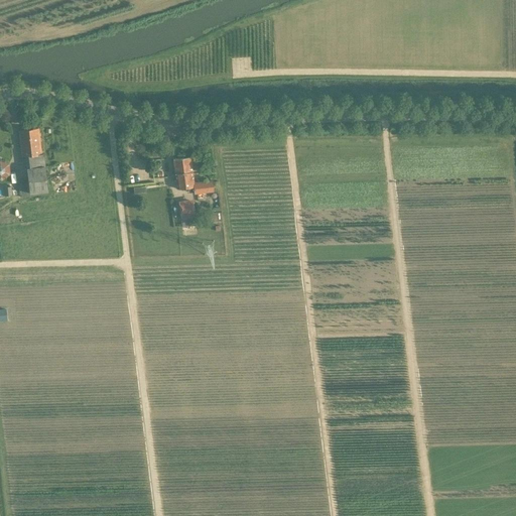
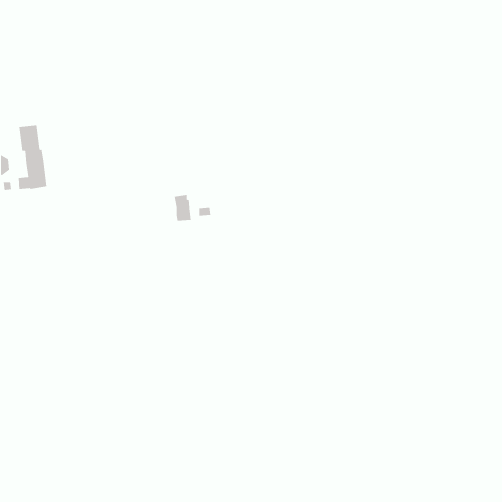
building: [173,156,213,195] -> none

